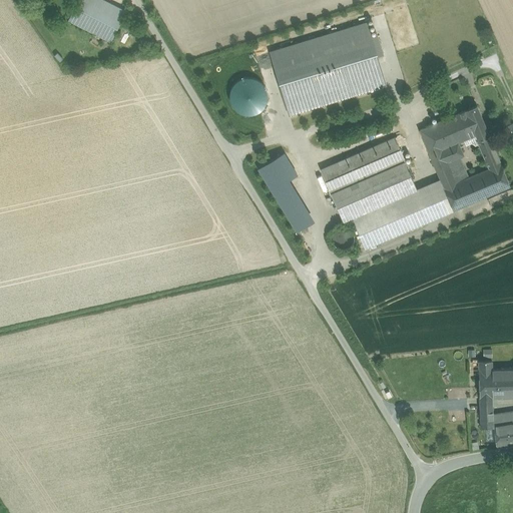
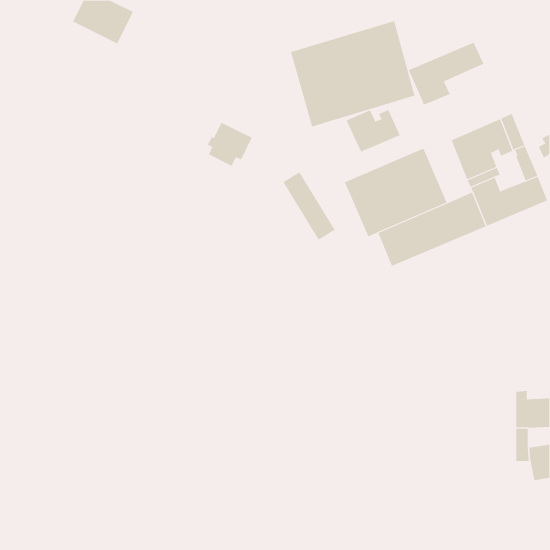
building: none -> [408,42,484,106]
building: [227,76,270,117] -> [207,122,252,167]
building: none -> [346,109,401,152]

